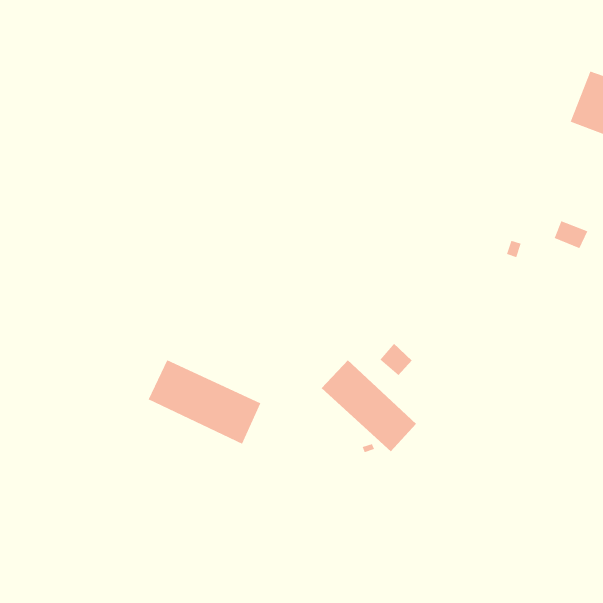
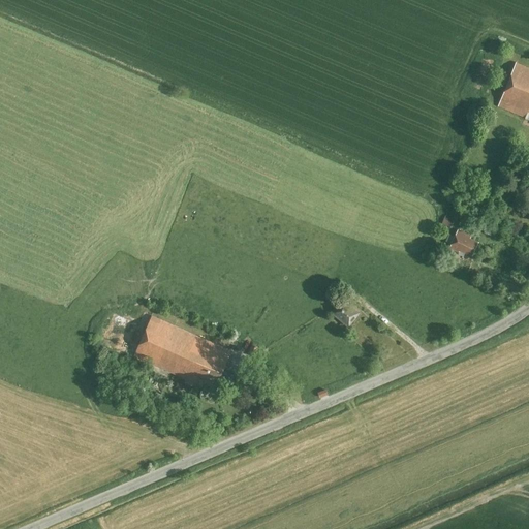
building: [554,220,588,249] -> [452,232,481,257]
building: [321,360,417,452] -> none

